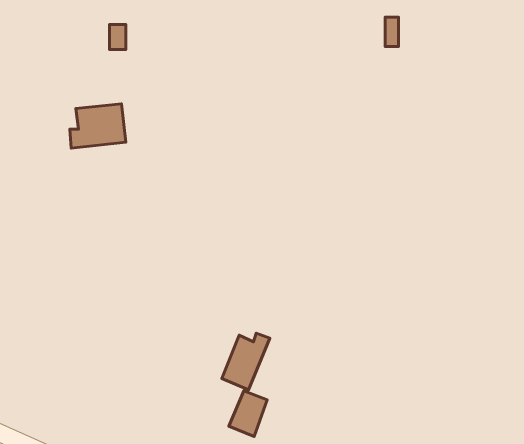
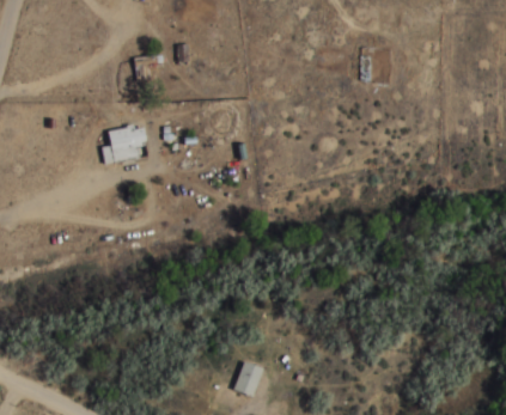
building: [222,333,270,390] -> none

